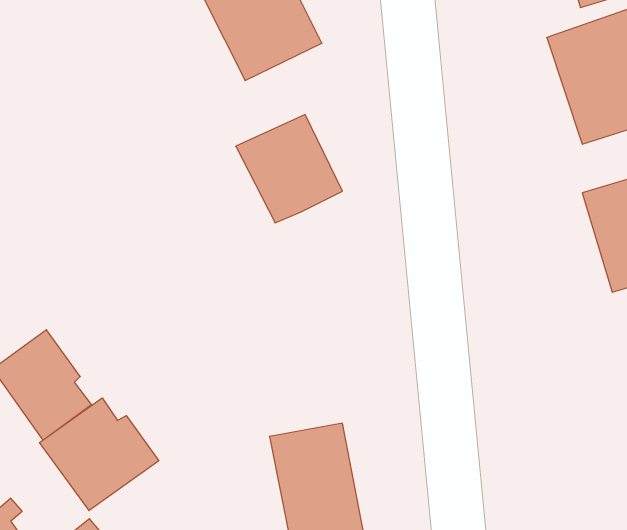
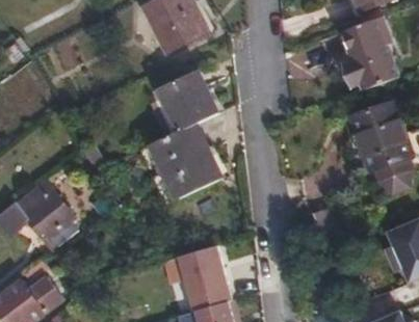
building: none -> [146,126,224,204]
building: [39,398,159,511] -> none

